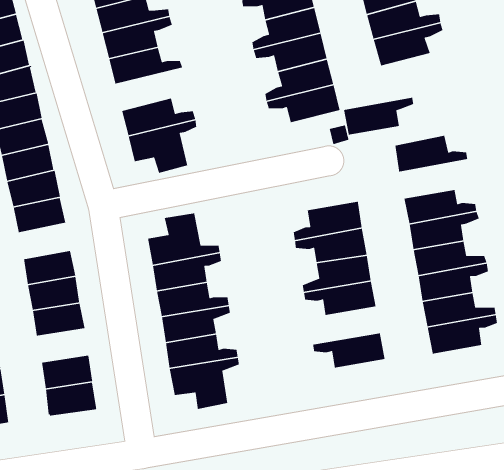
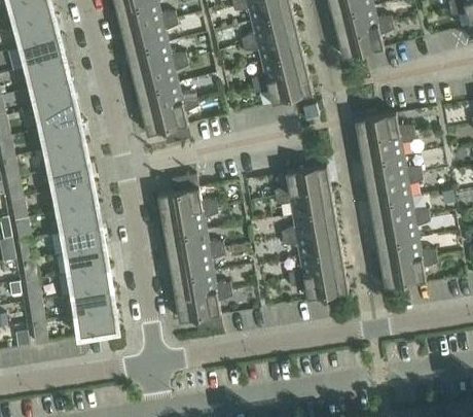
building: none -> [132,60,187,94]
building: [343,97,414,135] -> [358,133,414,164]
building: none -> [54,183,98,212]
building: none -> [287,250,343,280]
building: none -> [69,268,112,294]

